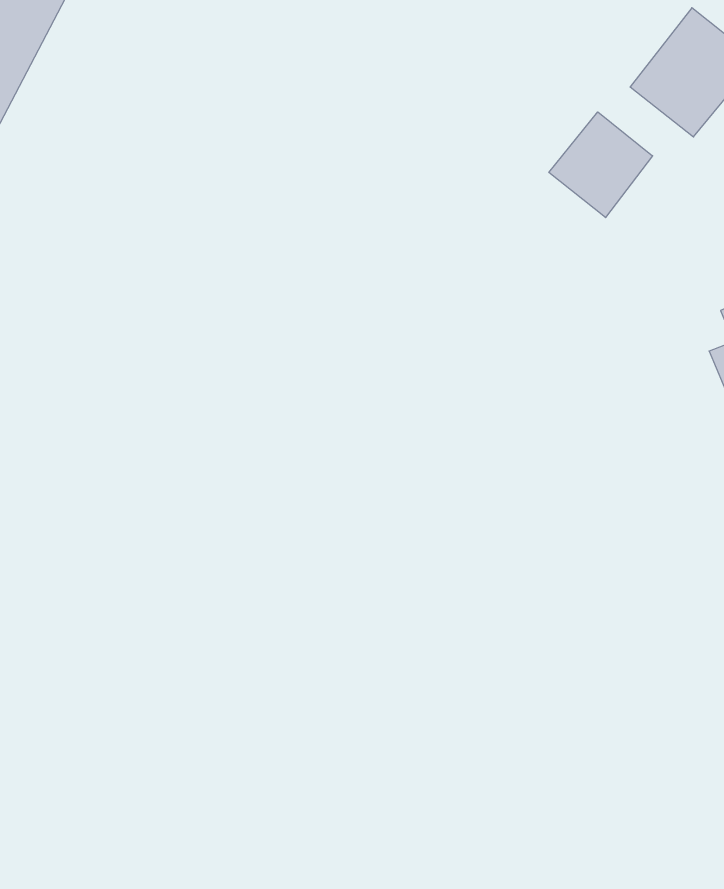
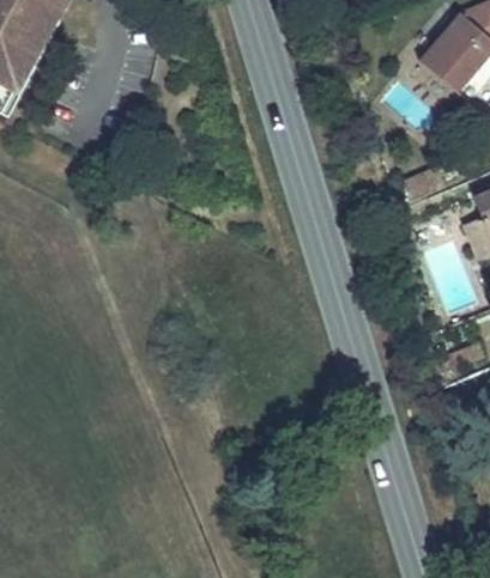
building: [549,112,653,218] -> none

